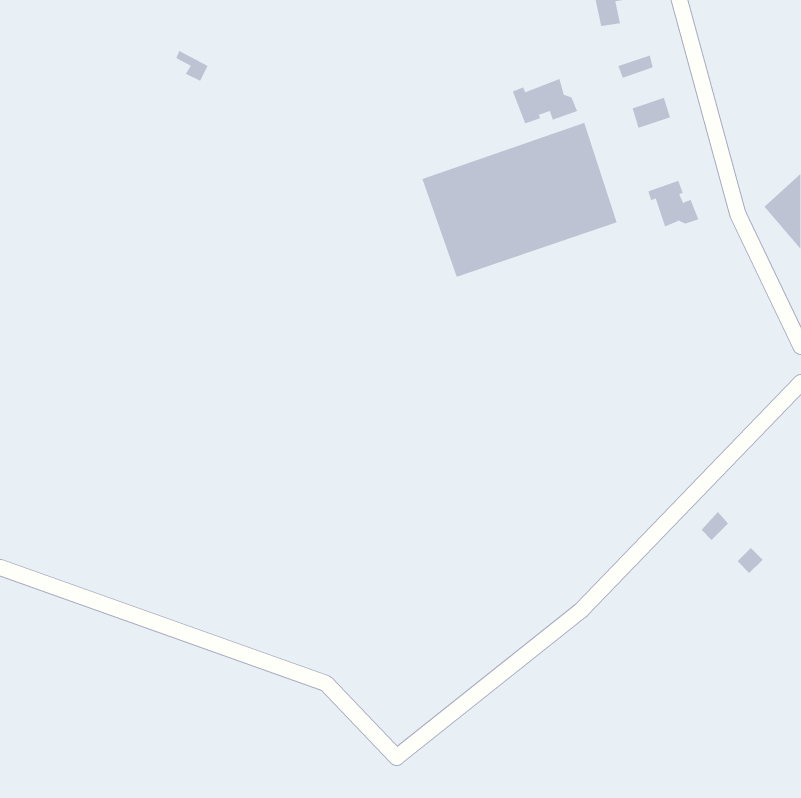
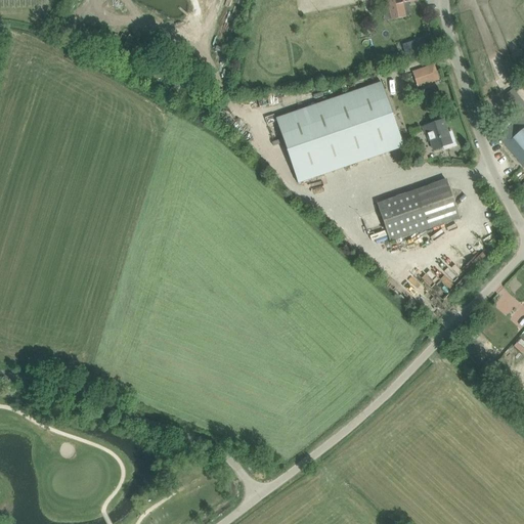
building: [512,78,578,124] -> none
building: none -> [379,179,460,241]

